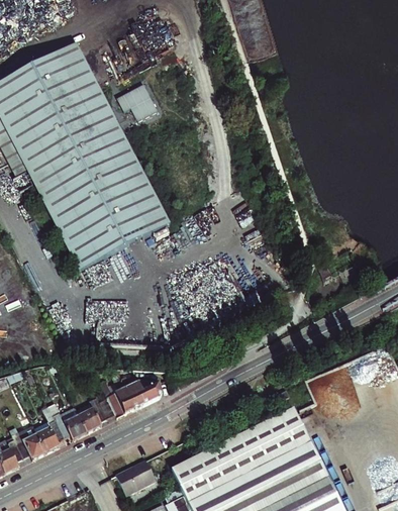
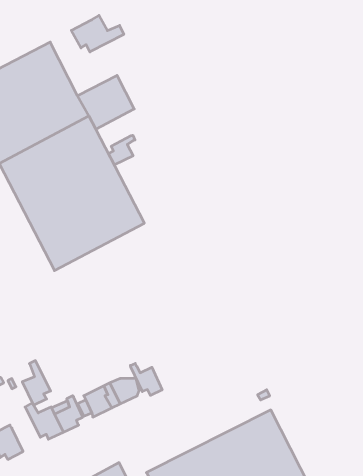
building: none -> [71,15,124,52]
building: none -> [109,135,135,165]
building: none -> [130,363,162,395]
building: [37,407,66,451] -> [22,361,51,405]

